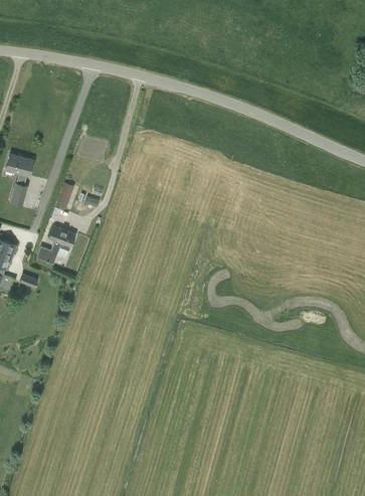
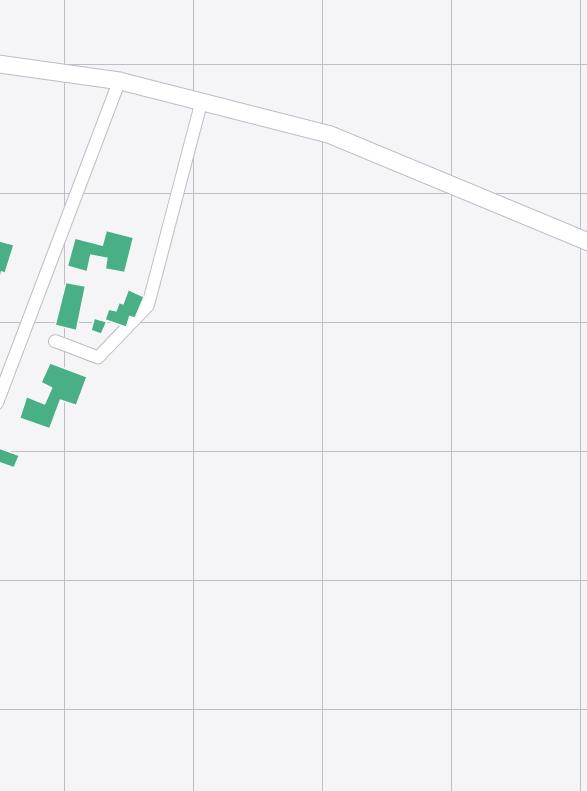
building: none -> [67,231,133,272]

